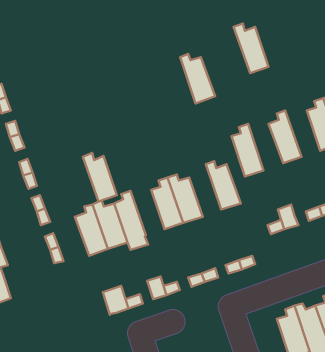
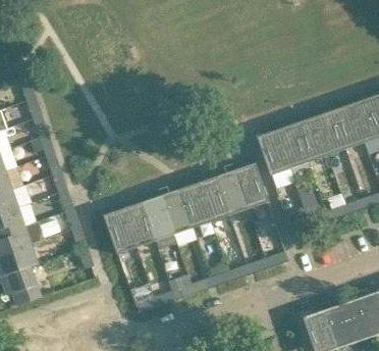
building: [234,24,269,73] -> [311,107,345,156]
building: [180,54,215,103] -> [274,120,309,169]
building: [83,153,117,201] -> [158,186,192,234]
building: none -> [216,163,248,215]

